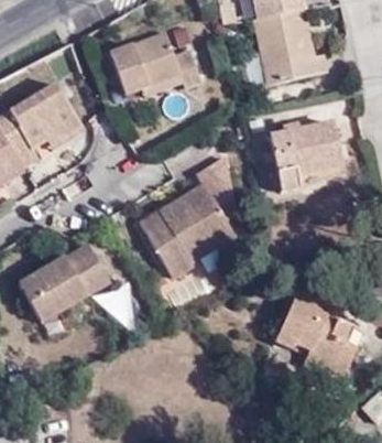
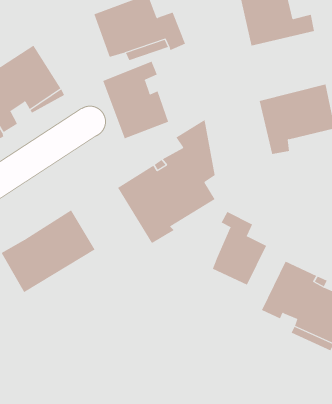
building: none -> [103,61,169,139]
building: none -> [212,211,267,286]

